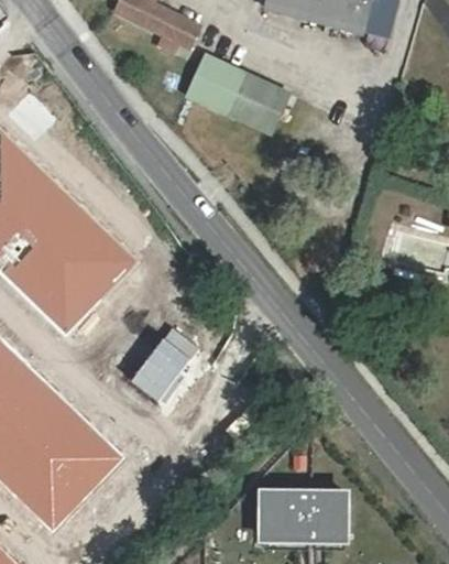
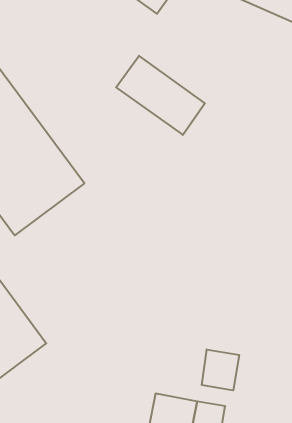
building: [185,52,293,137] -> [116,56,205,135]
building: [133,329,199,401] -> none
building: none -> [202,349,239,390]

